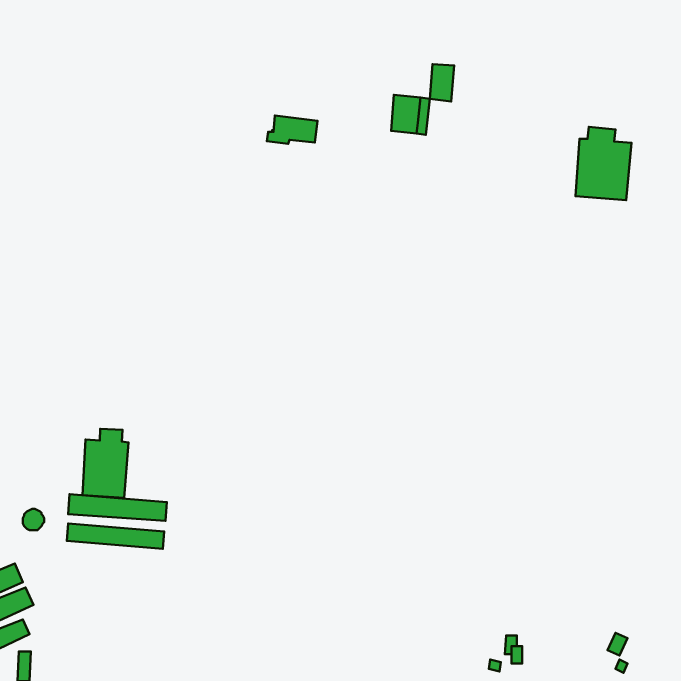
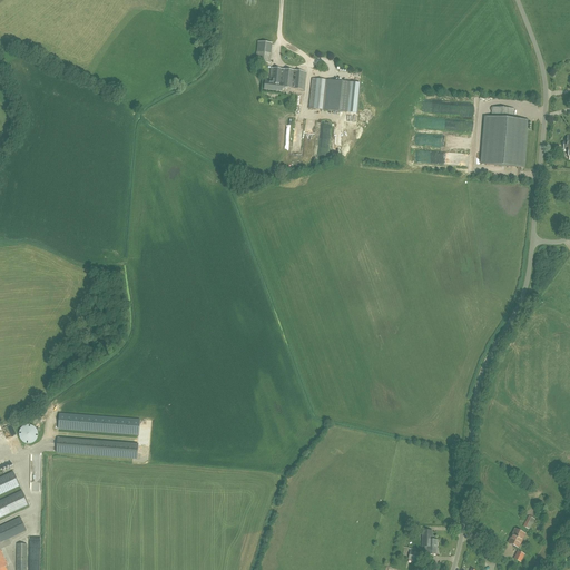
building: [430,64,454,101] -> [308,78,328,109]
building: [267,116,318,144] -> [263,67,305,90]
building: [82,429,129,498] -> none

